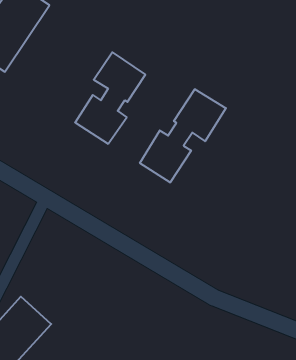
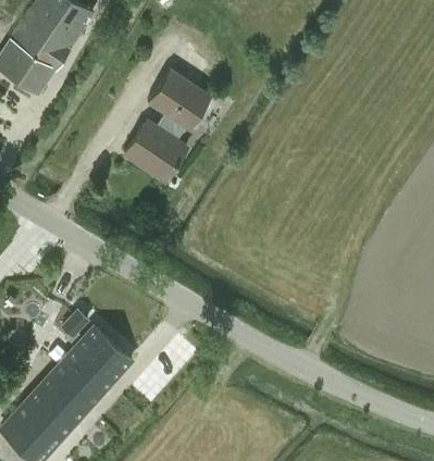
building: [140,89,226,183] -> none
building: none -> [57,312,131,402]

